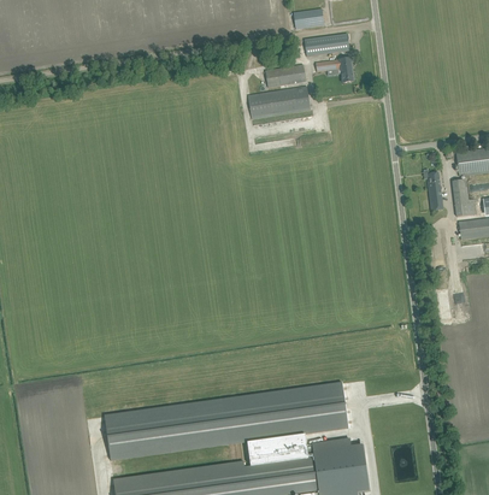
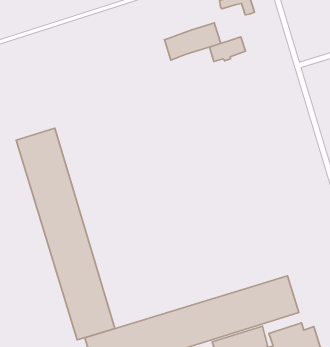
building: [265,64,305,88] -> [209,37,245,62]
building: none -> [16,128,115,340]

